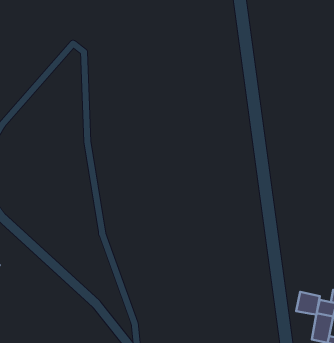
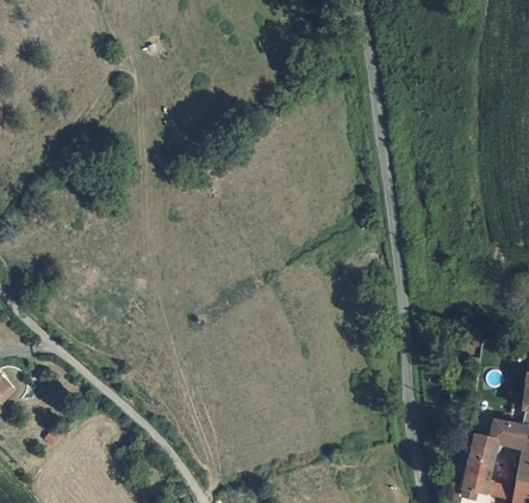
building: [296,292,320,315] -> none

